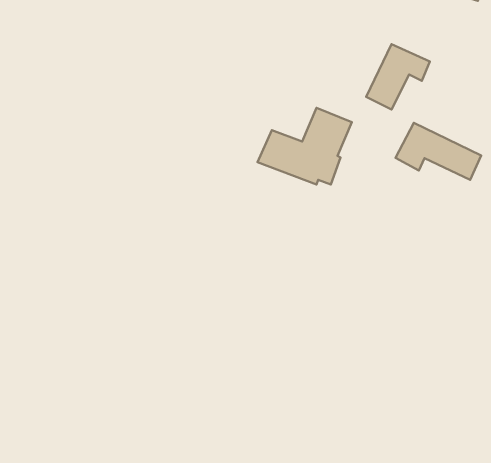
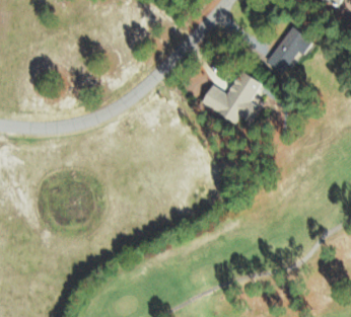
building: [396,123,481,180] -> none

